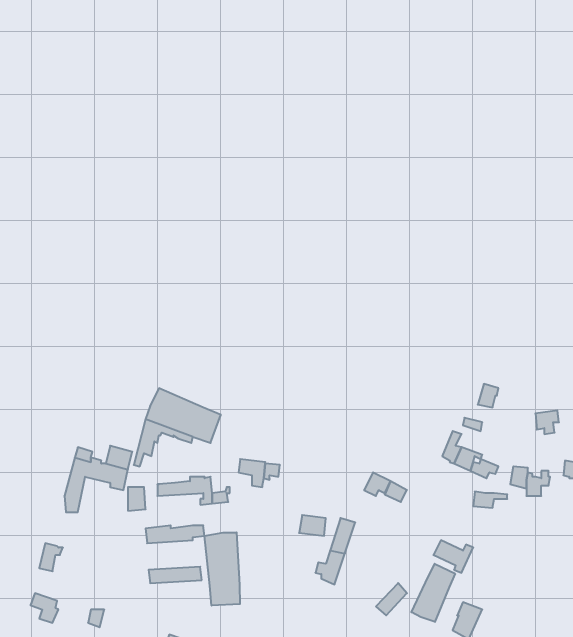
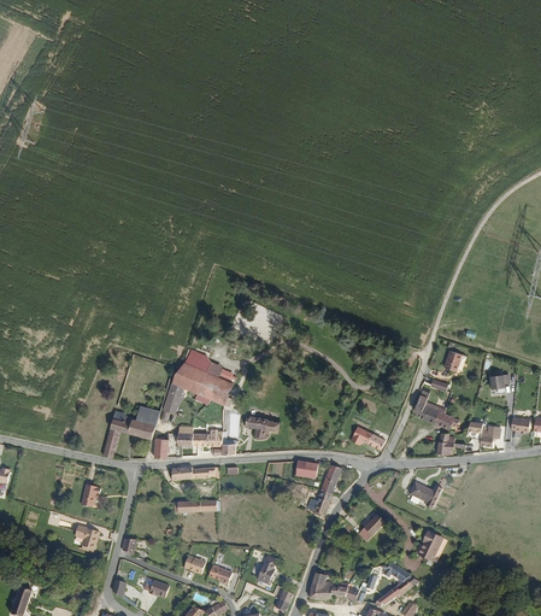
building: [205,532,240,606] -> none
building: [411,564,455,622] -> none

